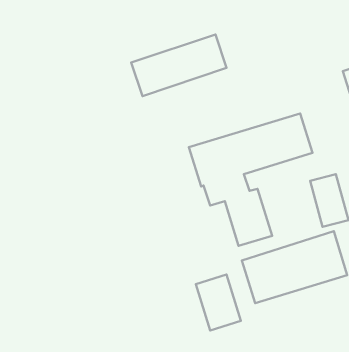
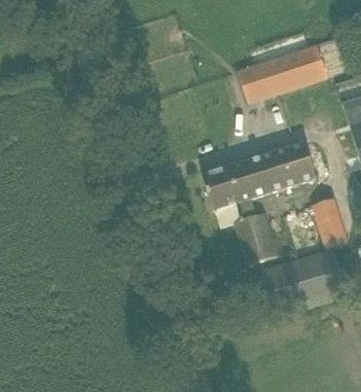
building: [131,34,227,96] -> [240,44,327,101]
building: [196,274,241,330] -> none

